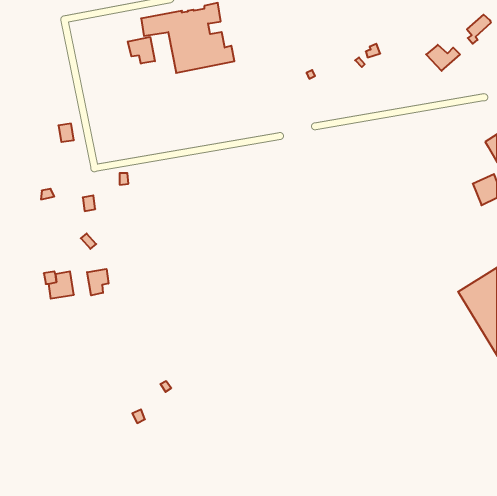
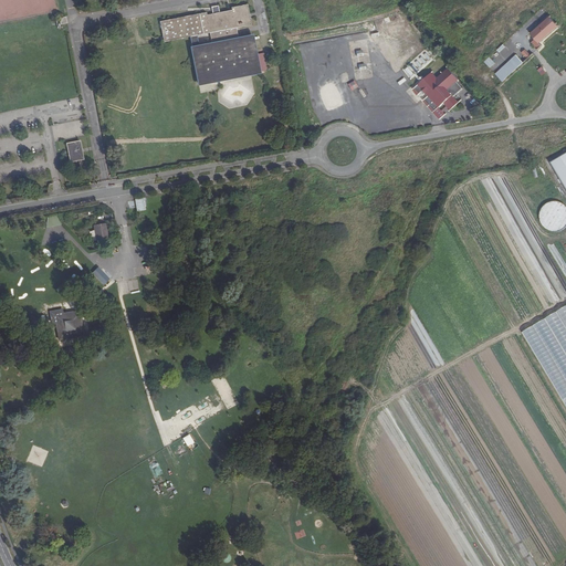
building: [128,37,155,64] -> none
building: none -> [416,71,465,113]
building: [87,269,108,295] -> none

